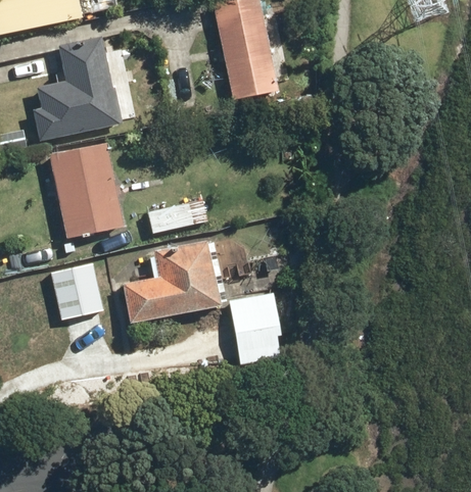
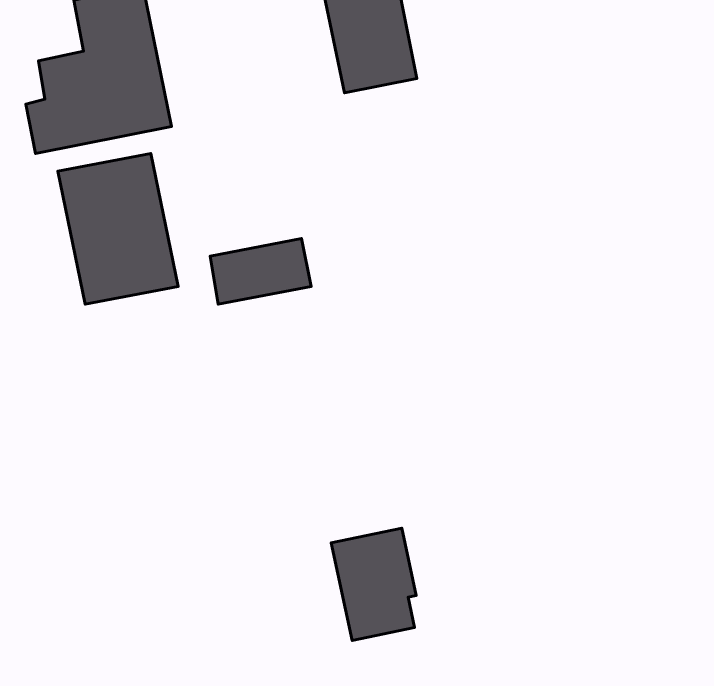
building: [122,243,218,326] -> none
building: [49,262,103,319] -> none
building: [227,292,281,363] -> [331,528,416,640]

